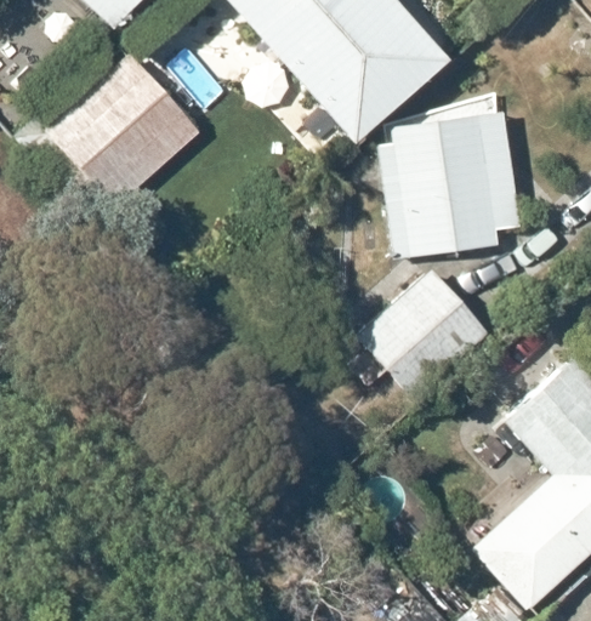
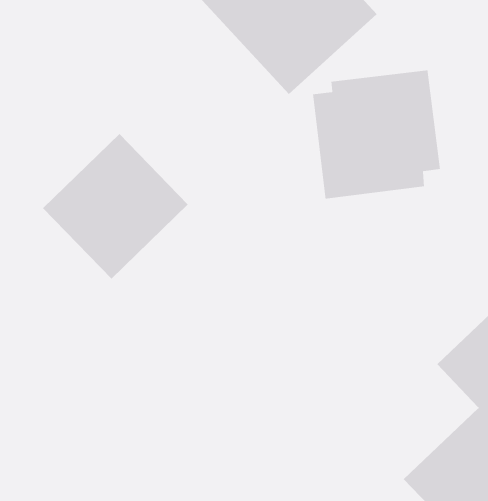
building: [57,52,211,206] -> [42,133,188,279]
building: [347,262,490,403] -> none

